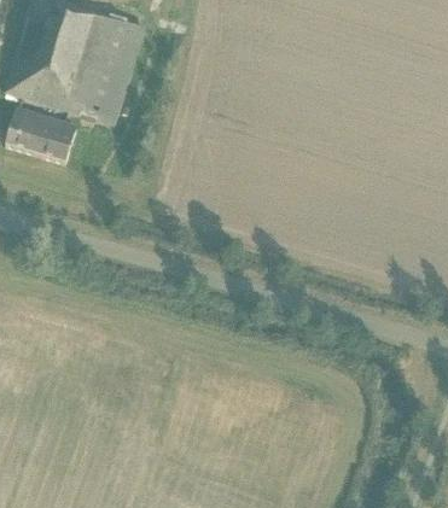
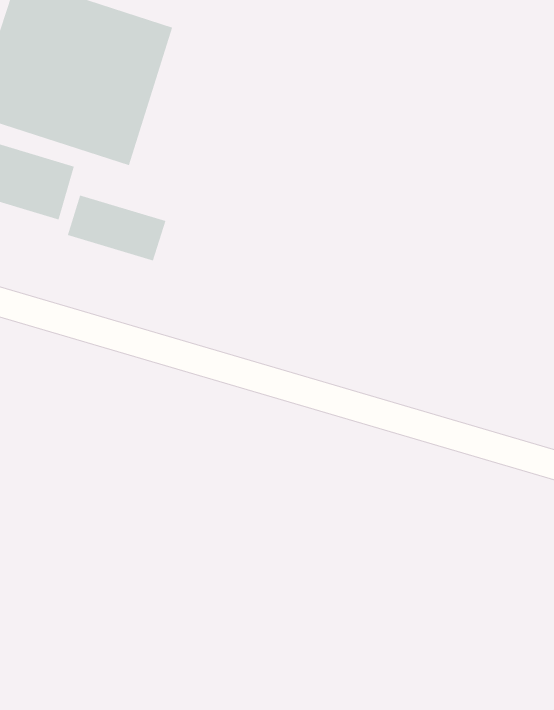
building: none -> [67,195,166,261]

